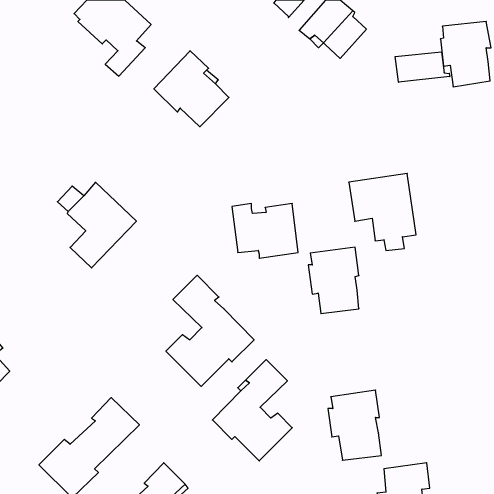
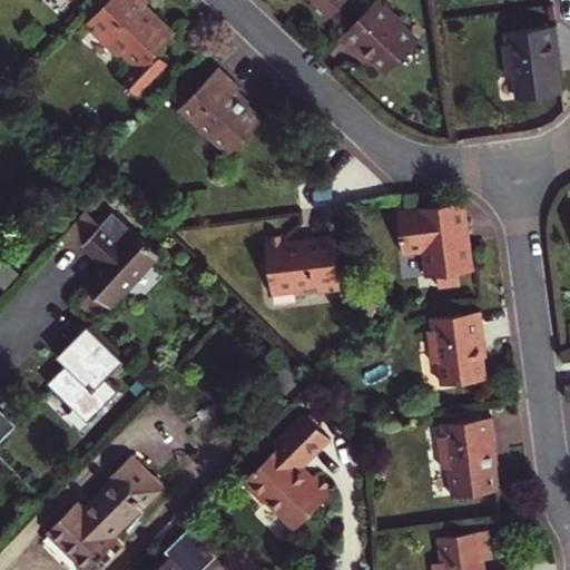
building: [395,52,450,82] -> none
building: [308,247,359,314] -> [429,327,487,403]
building: [166,275,254,386] -> none
building: none -> [46,328,121,425]
building: [328,390,381,460] -> [435,419,497,499]

